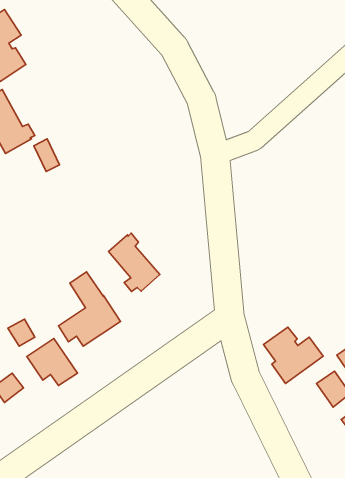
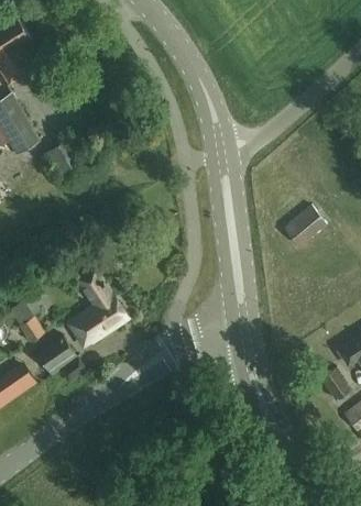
building: none -> [283,205,328,248]
building: [108,233,160,292] -> none
building: [264,327,323,383] -> none

